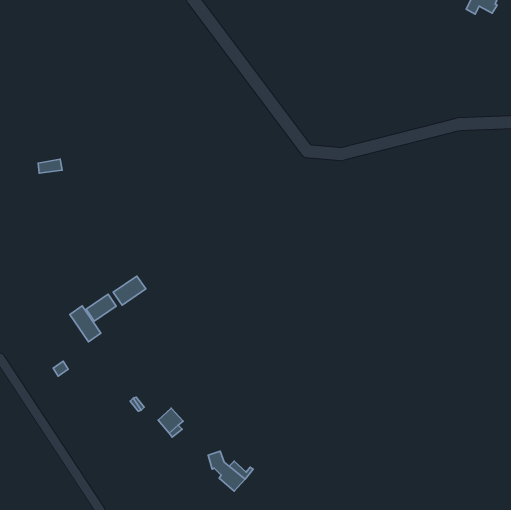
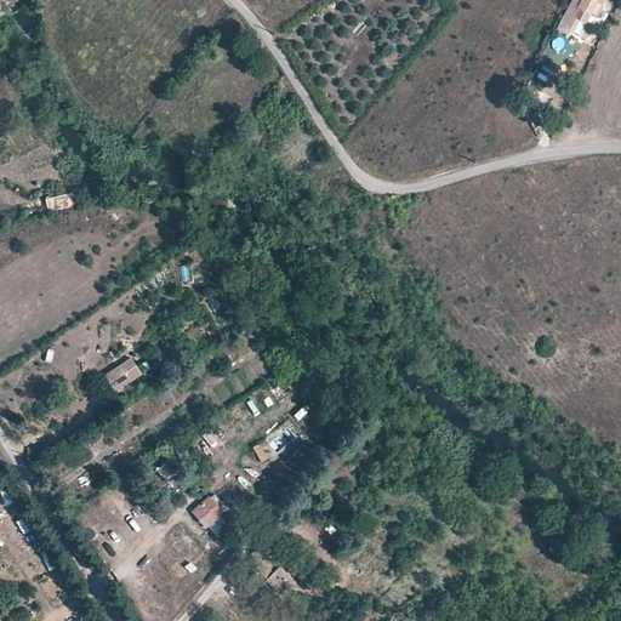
building: [113,276,146,305] -> none
building: [70,306,101,342] -> none

